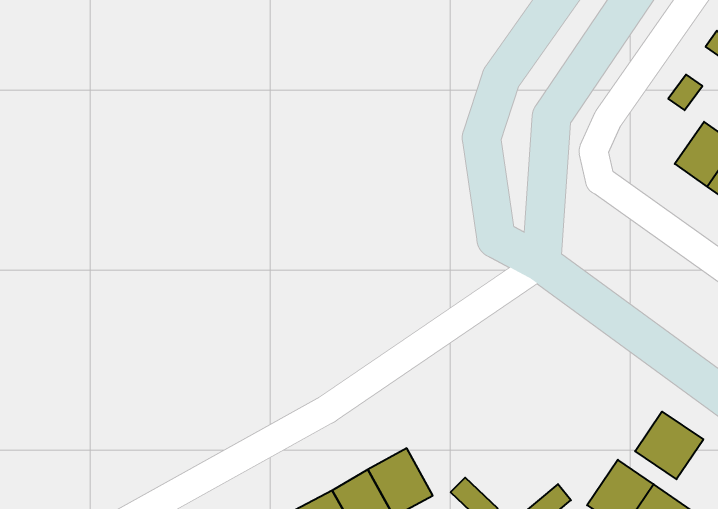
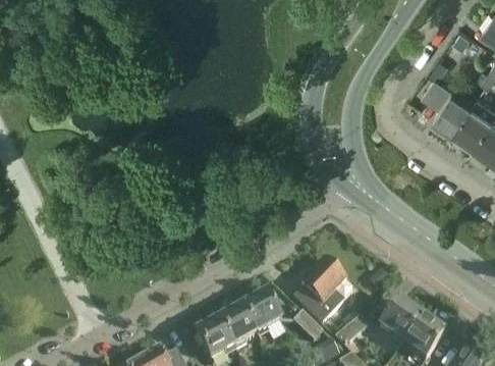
building: none -> [296,257,351,321]
building: [635,412,703,479] -> none

